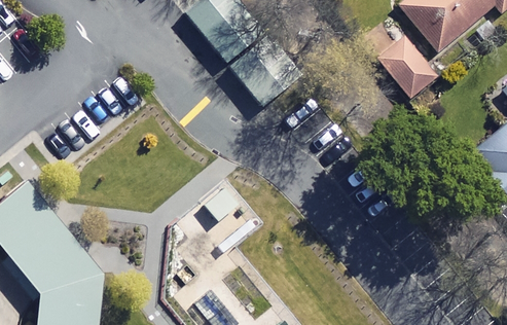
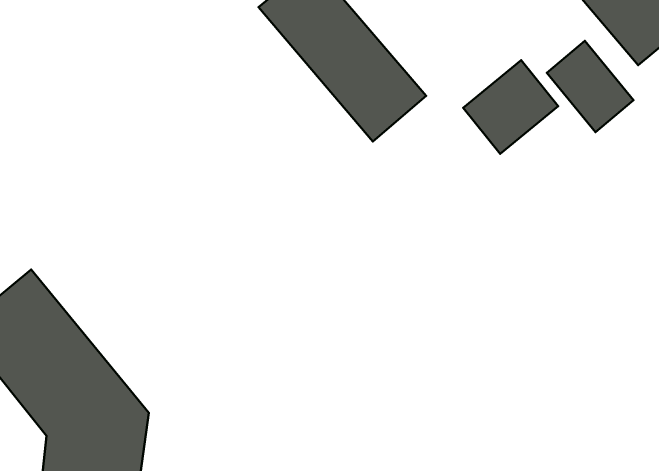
building: none -> [463,60,558,154]

